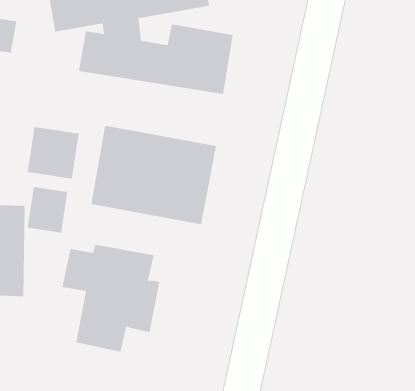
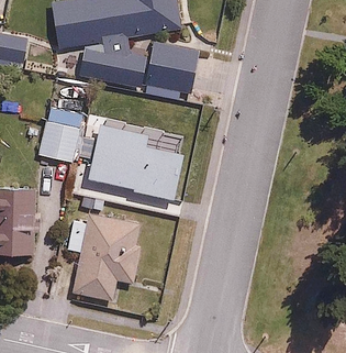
building: [27,186,68,233] -> none

